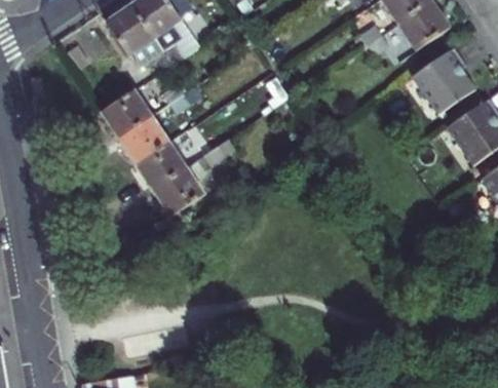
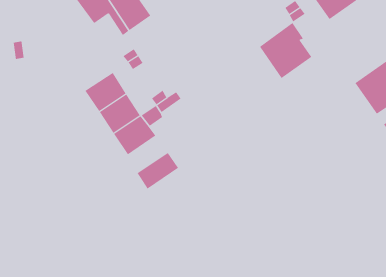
building: [411,46,475,115] -> [259,22,312,79]
building: [100,88,152,137] -> none
building: none -> [137,152,179,190]

